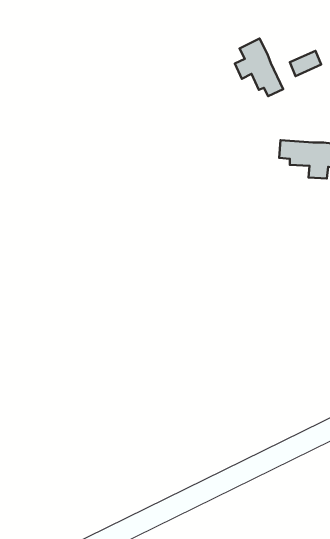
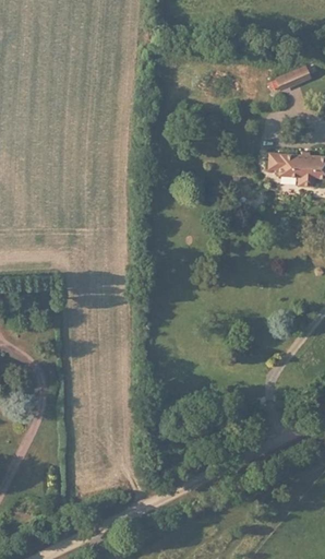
building: [235,39,283,96] -> none

